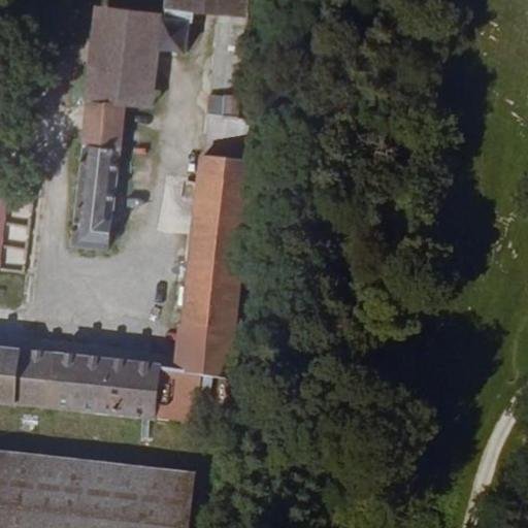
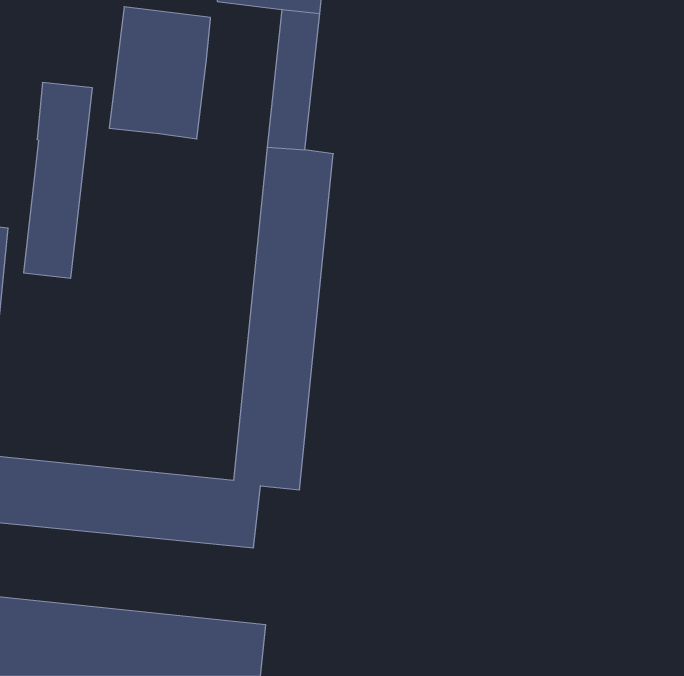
building: [158,14,192,48] -> none
building: [69,98,122,248] -> [24,83,92,278]

